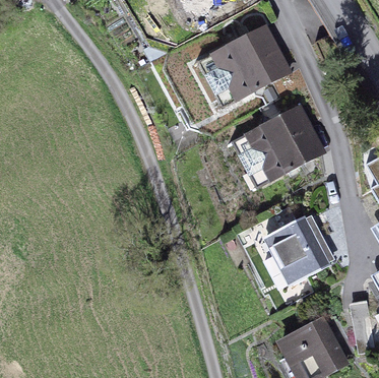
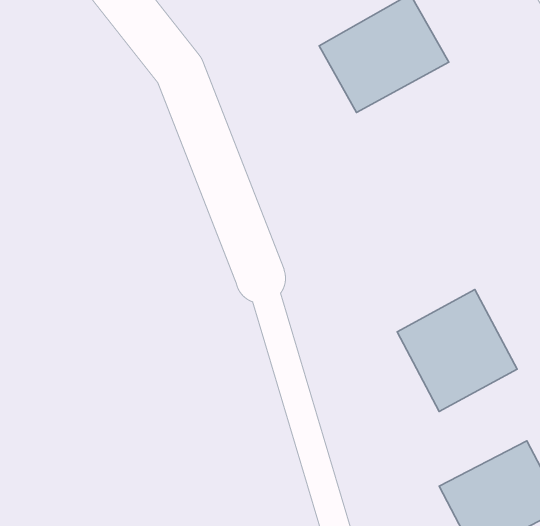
building: [237,110,318,186] -> none

